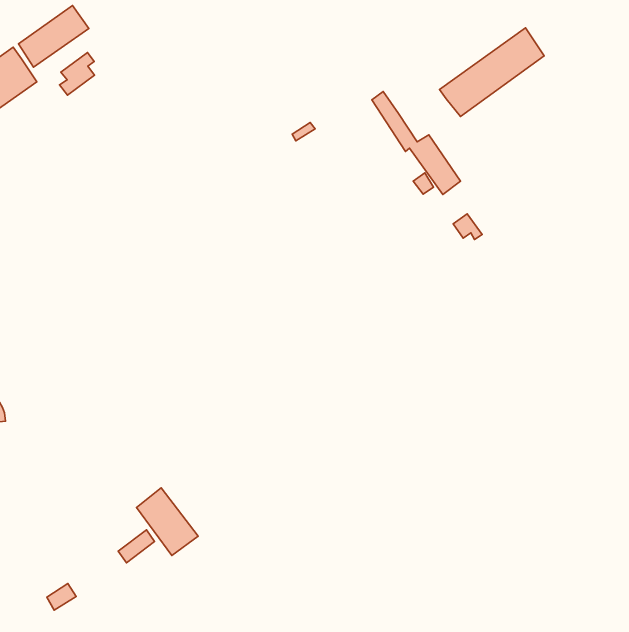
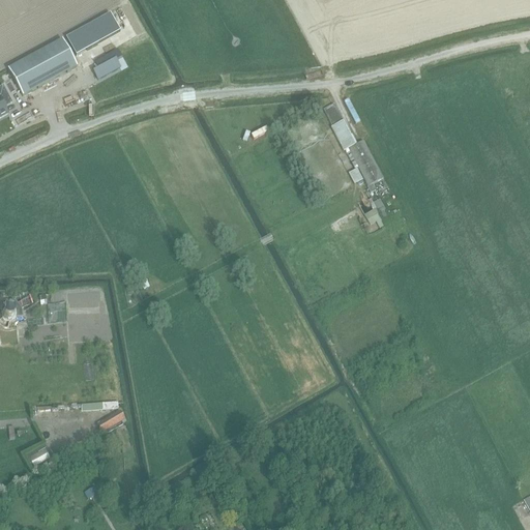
building: [440,28,544,116] -> none
building: [136,488,198,556] -> none

